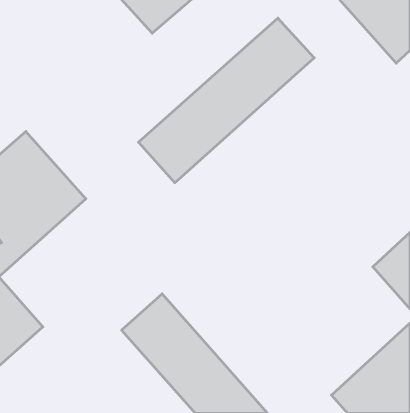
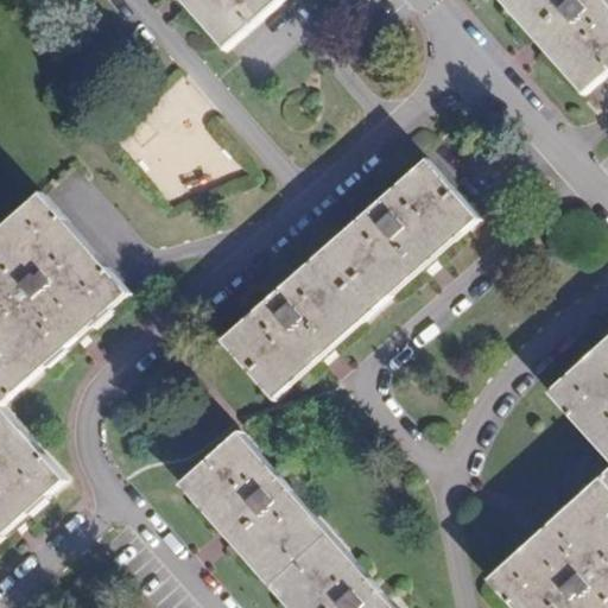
building: [138,18,314,183] -> [220,158,477,399]

